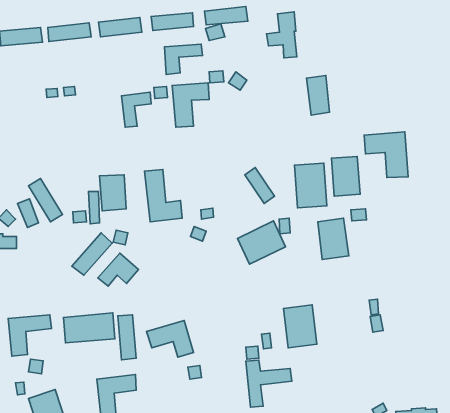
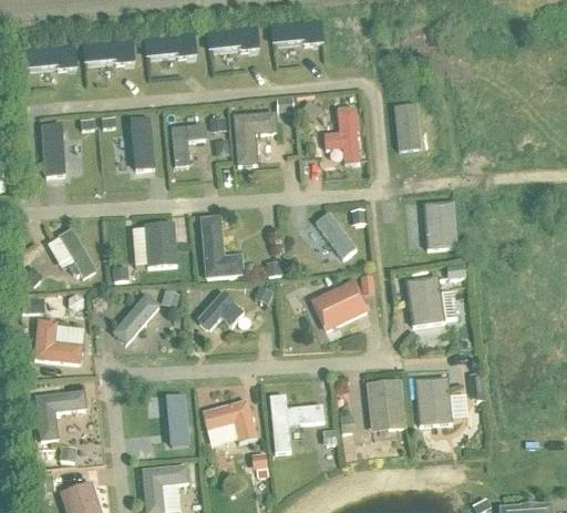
building: [266,12,297,58] -> [322,107,359,163]
building: [164,44,203,74] -> none
building: none -> [131,116,155,170]
building: none -> [41,123,63,176]
building: [364,132,408,178] -> none
building: [294,163,327,208] -> none
building: [98,253,138,286] -> [196,290,245,330]
building: none -> [33,319,82,363]
building: none -> [415,376,452,425]
building: [63,313,115,343] -> none
building: [246,360,292,407] -> [269,394,324,451]

